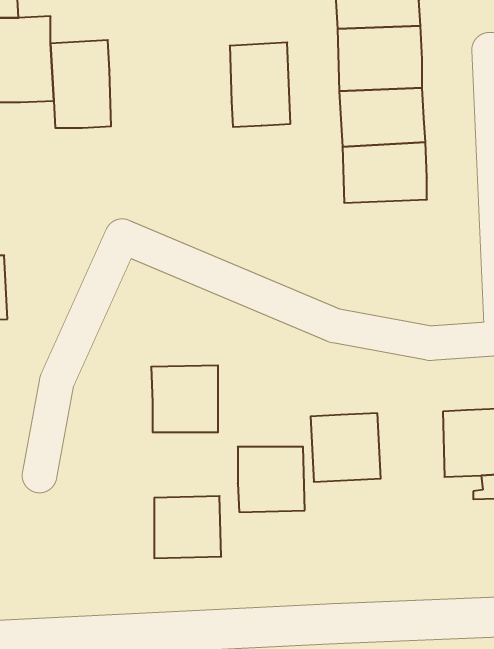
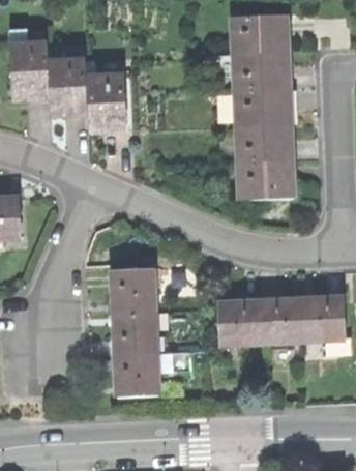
building: [230,42,290,127] -> [88,78,127,133]
building: none -> [240,164,296,202]
building: none -> [262,301,305,345]
building: [238,447,305,512] -> [116,315,159,357]

